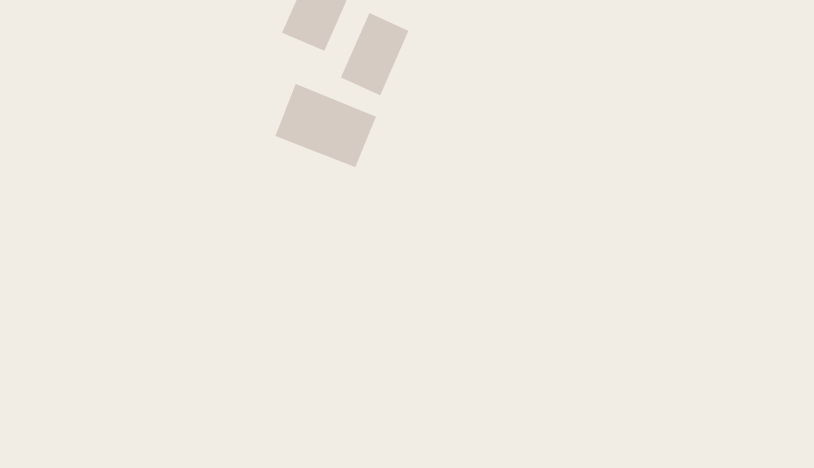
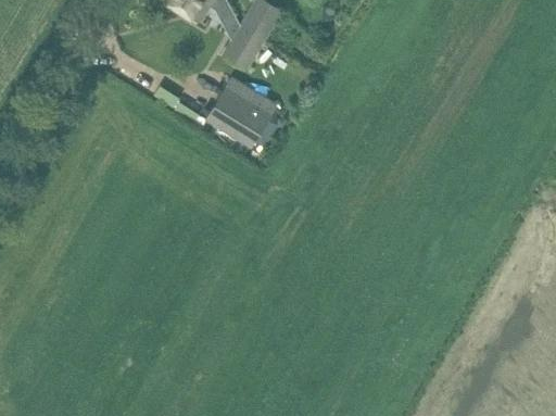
building: [340,12,409,96] -> none

